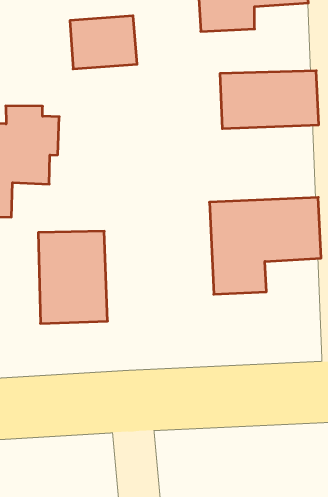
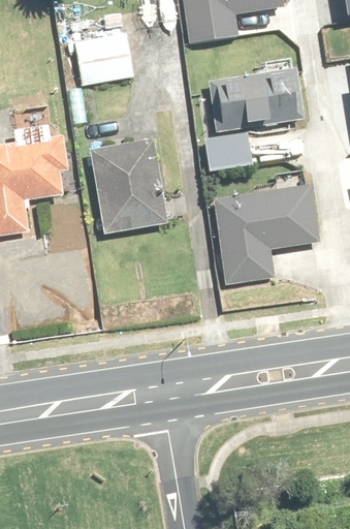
building: none -> [203,131,253,172]
building: [38,231,108,323] -> [93,138,165,229]

